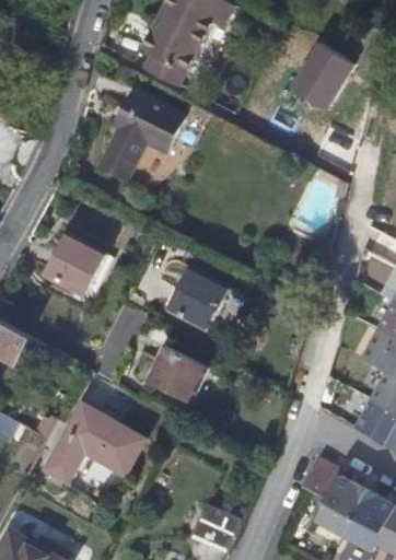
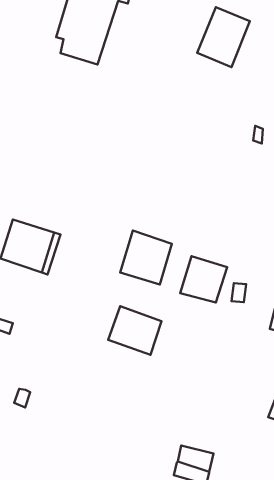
building: [100,91,186,180] -> none
building: none -> [180,256,227,303]
building: [45,405,142,482] -> none

